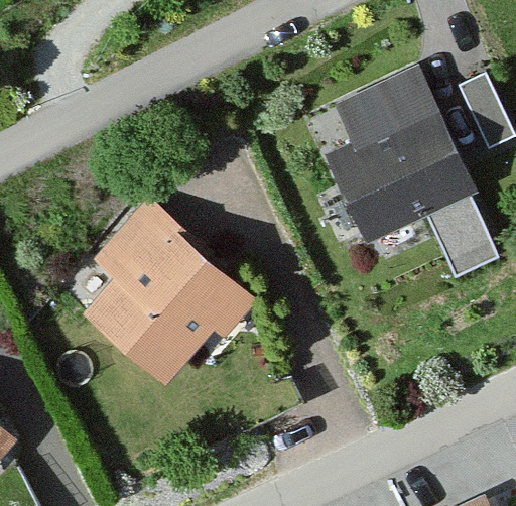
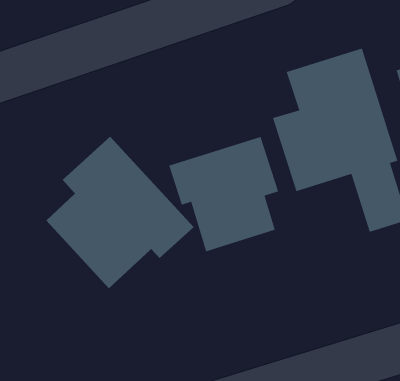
building: none -> [168,136,279,252]

